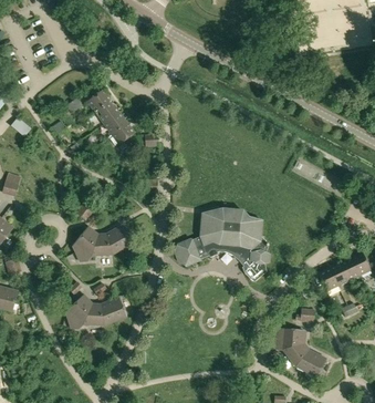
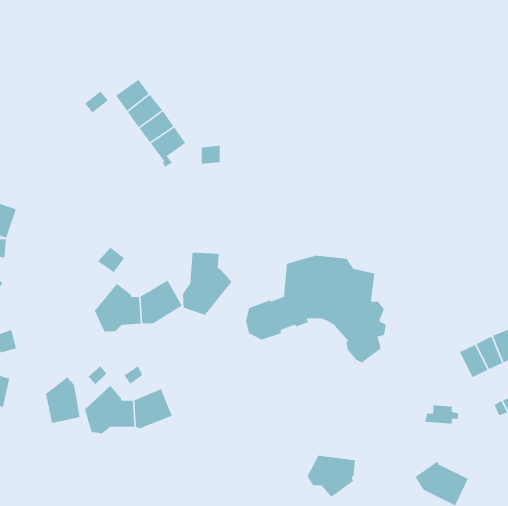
building: none -> [182,252,232,316]
building: none -> [45,377,81,424]
building: [272,328,305,356] -> [306,455,356,498]

